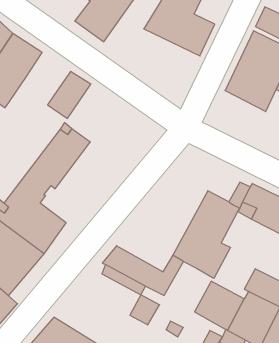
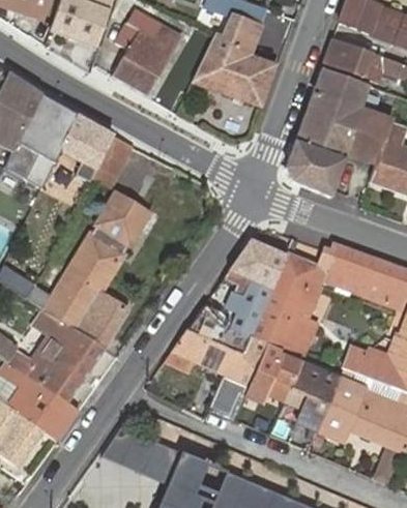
building: none -> [62,118,114,167]
building: none -> [286,141,345,199]
building: none -> [187,243,287,358]
building: none -> [249,343,303,400]

